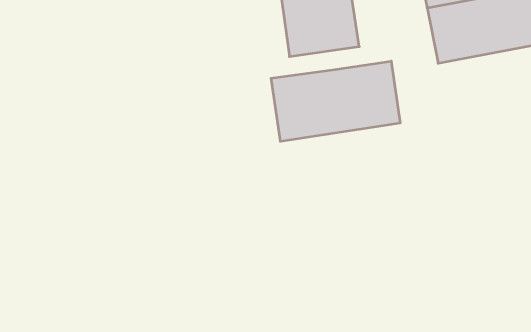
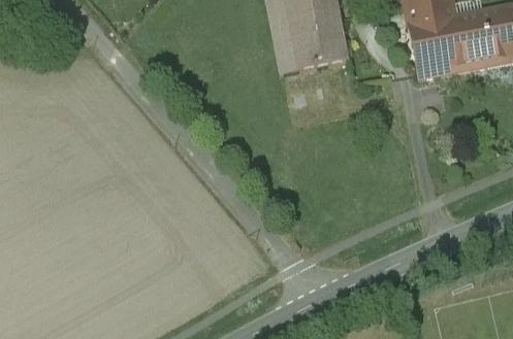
building: [271,61,400,141] -> none

